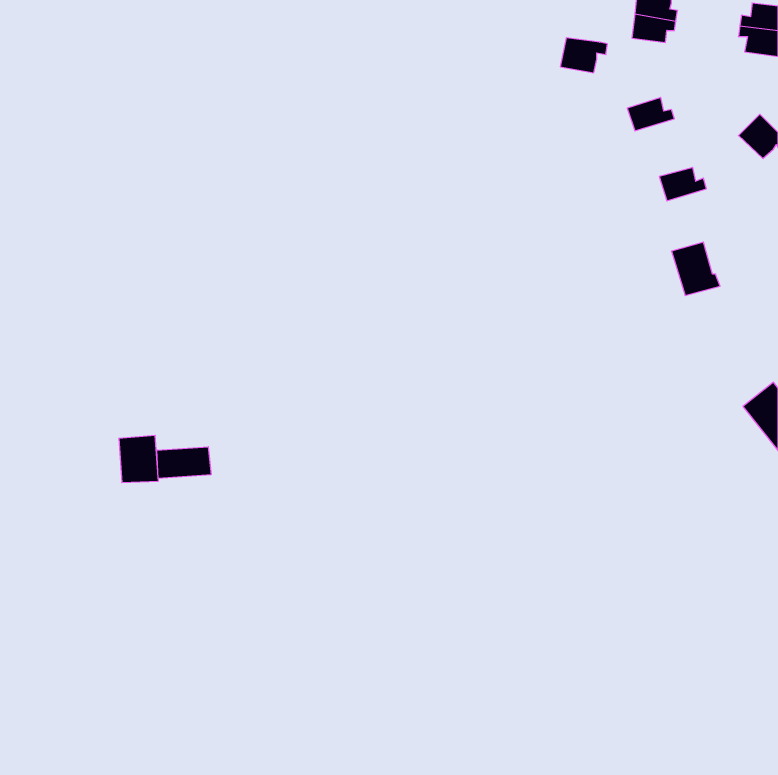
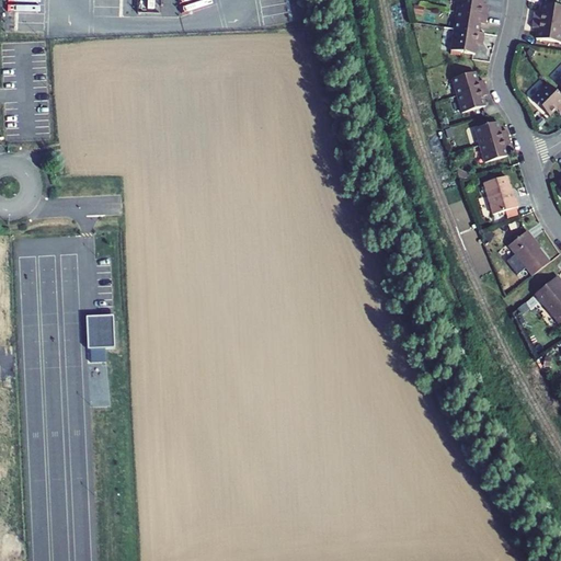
building: [560,38,607,73] -> [450,27,484,53]
building: none -> [457,85,488,112]
building: none -> [480,136,511,161]
building: none -> [508,229,550,274]
building: [157,447,211,478] -> none

